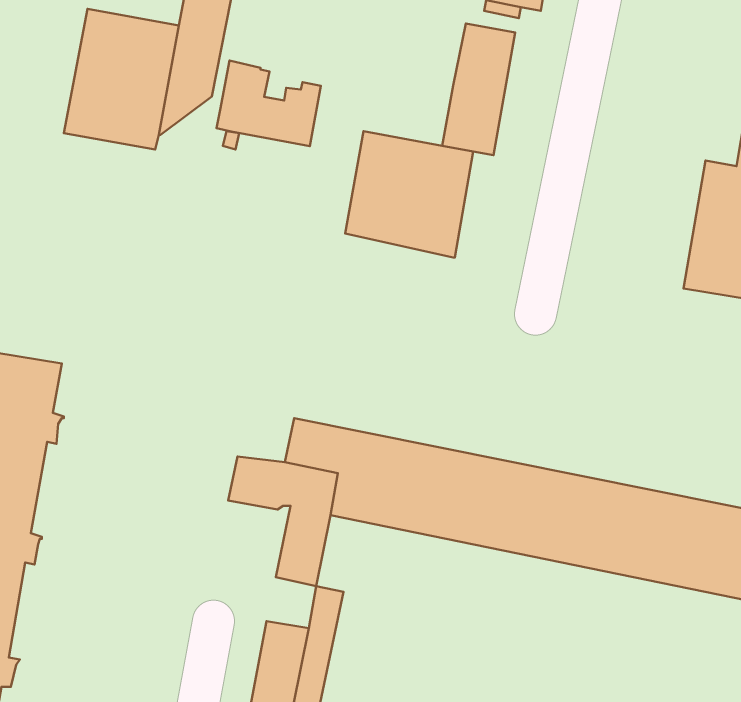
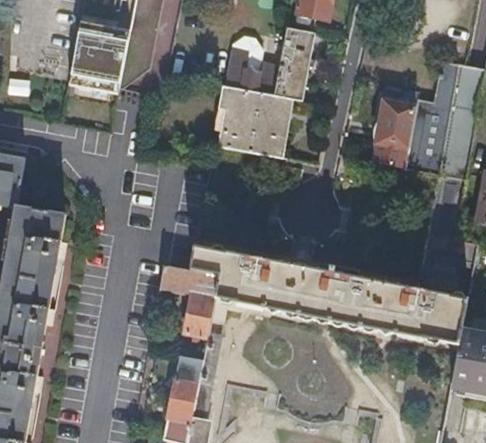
building: [217,60,321,146] -> [223,47,280,94]
building: none -> [376,99,415,166]

